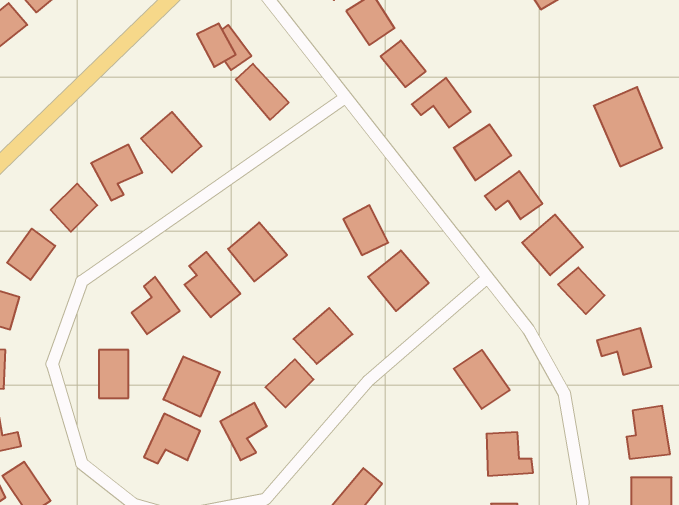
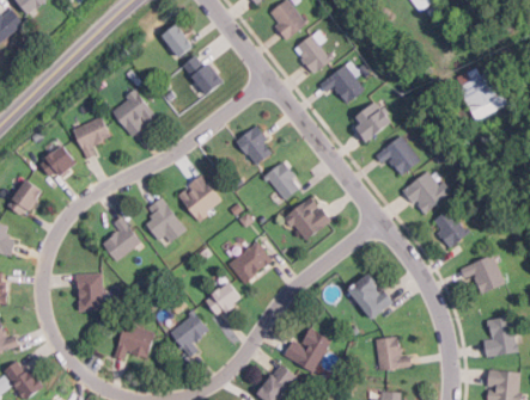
building: none -> [236,127,274,166]
building: [163,356,220,417] -> none
building: none -> [284,333,329,371]

